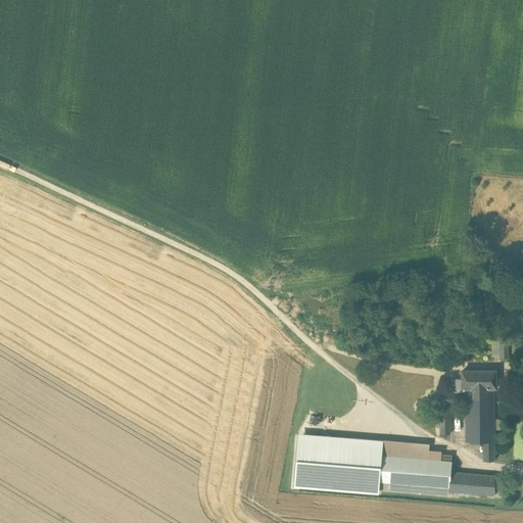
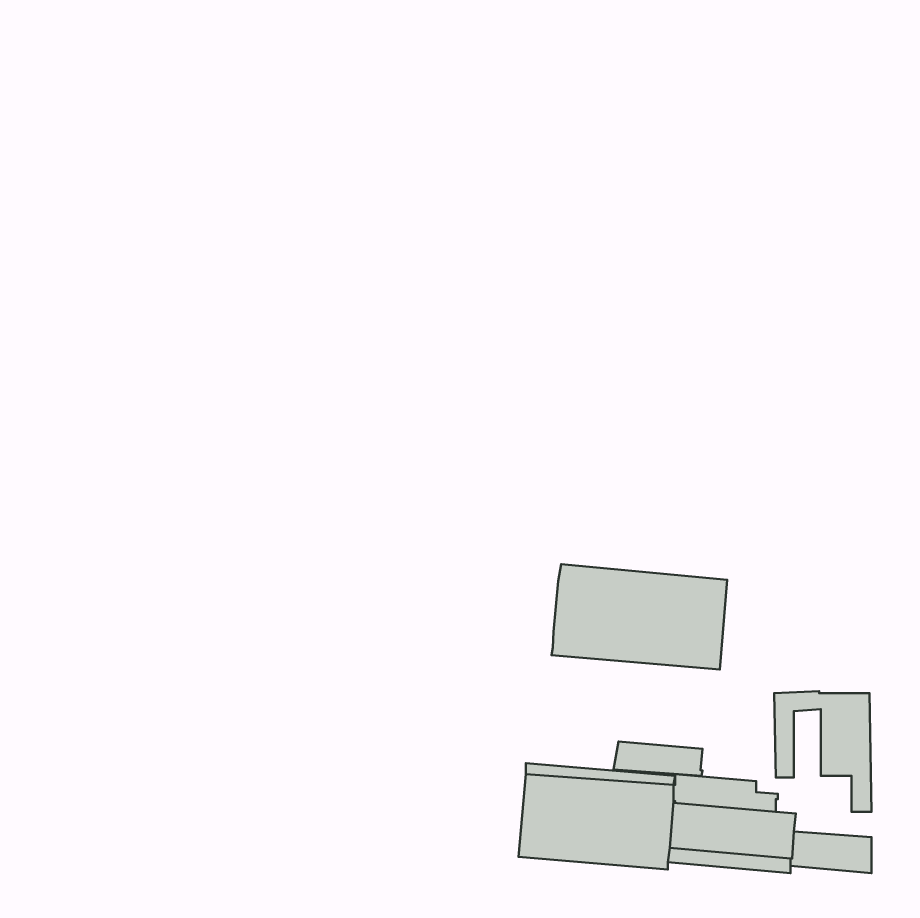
building: none -> [551,564,727,669]
building: [463,372,496,394] -> none
building: none -> [613,741,703,776]

